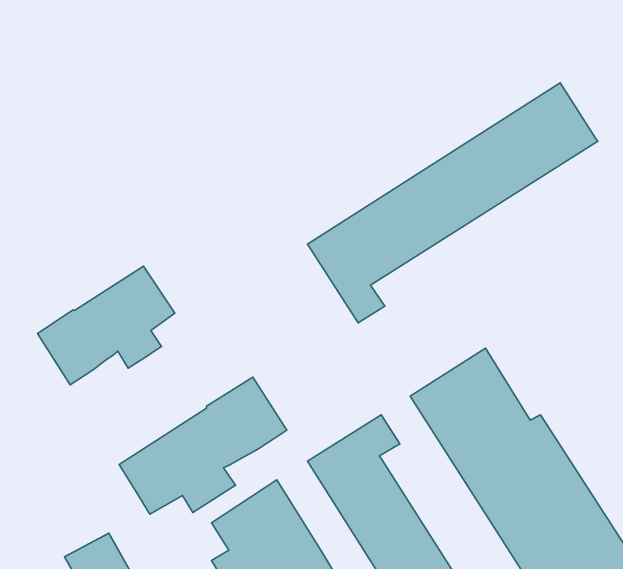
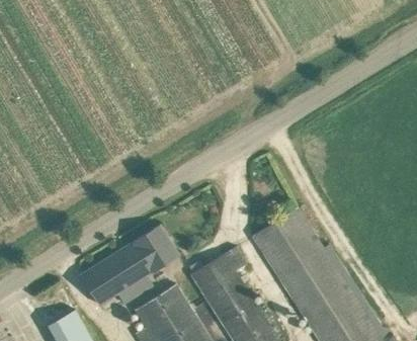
building: [308,83,598,323] -> none
building: [37,266,175,385] -> none

